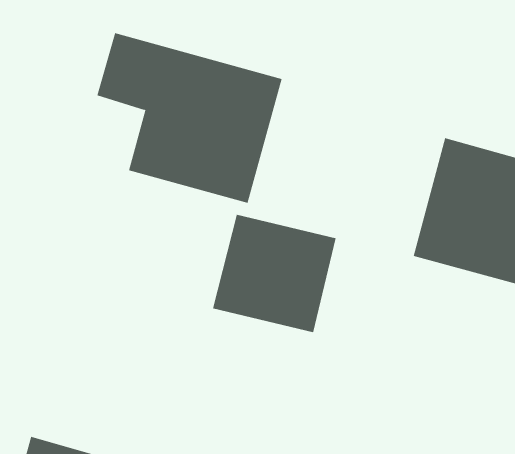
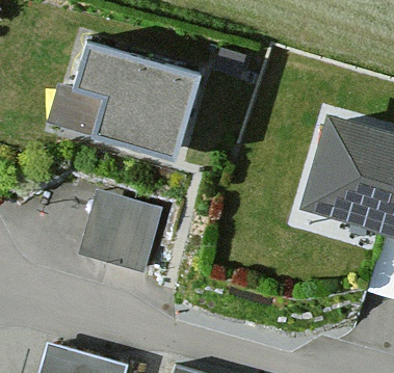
building: [212,214,336,333] -> [72,181,158,263]

